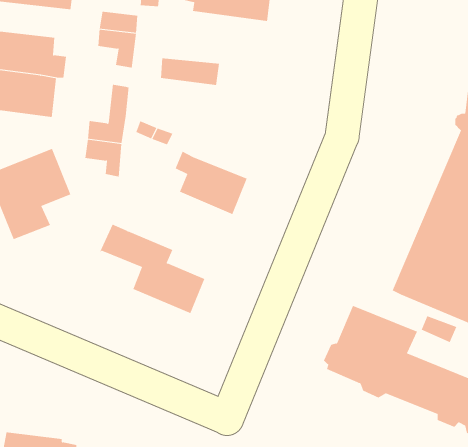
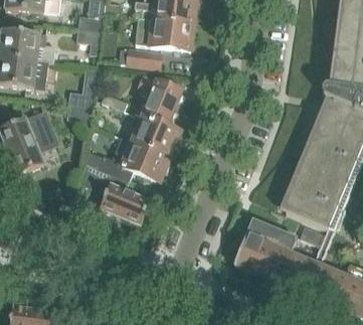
building: none -> [135,15,194,49]
building: none -> [141,75,185,131]
building: none -> [98,136,170,180]

